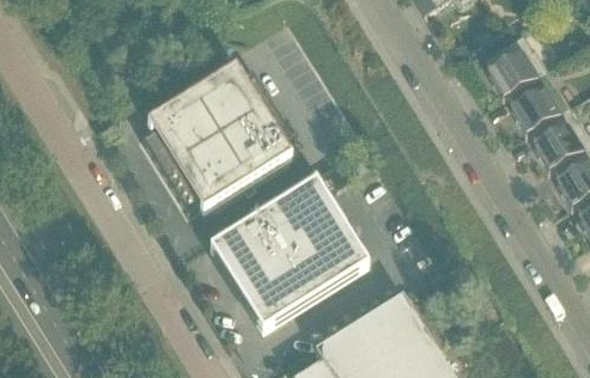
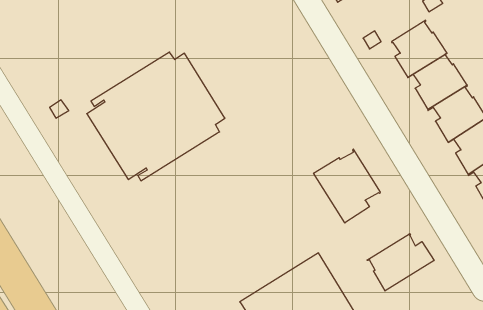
building: [208,159,369,331] -> none
building: none -> [314,149,380,223]
building: none -> [367,234,434,291]

